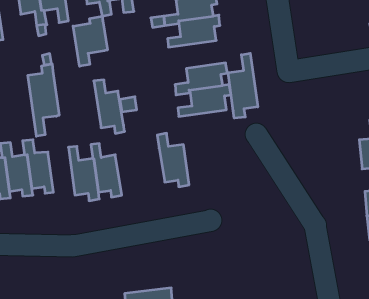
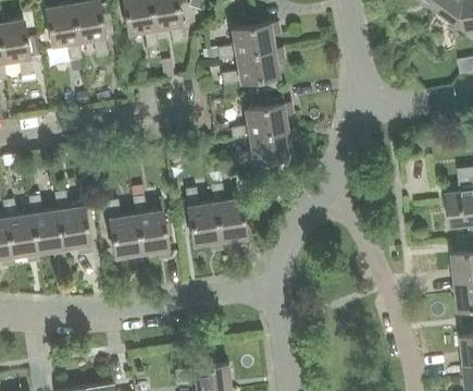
building: [73,16,107,66] -> none
building: [228,53,258,118] -> none
building: [28,64,59,136] -> none
building: [94,80,125,133] -> [185,188,221,251]

